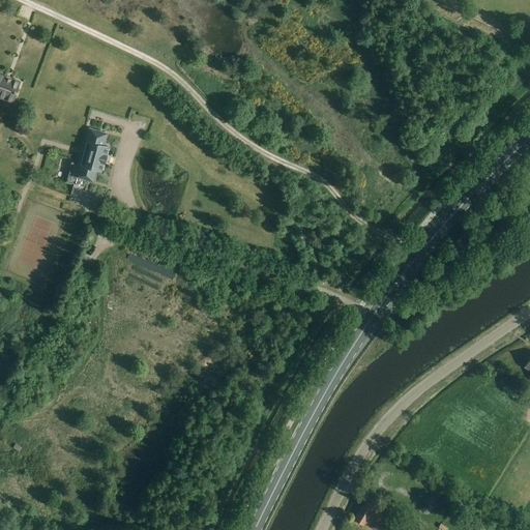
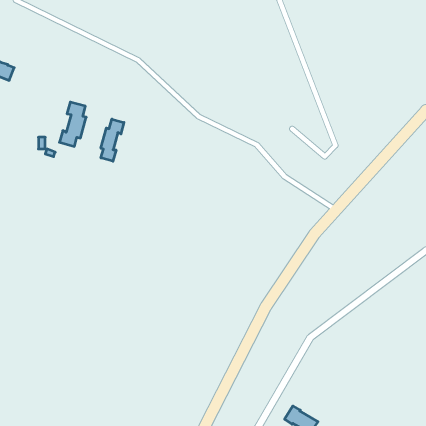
building: none -> [101,119,124,161]

